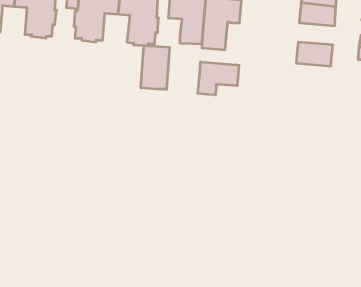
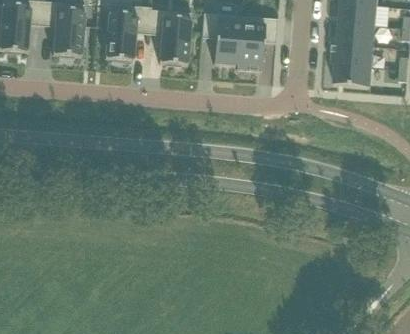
building: none -> [331,39,373,64]
building: [141,46,169,89] -> none
building: [198,62,239,95] -> none

